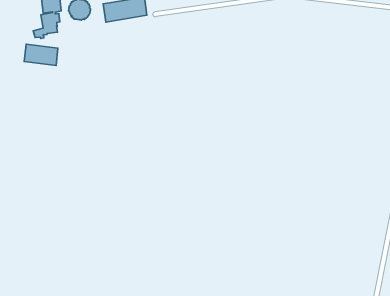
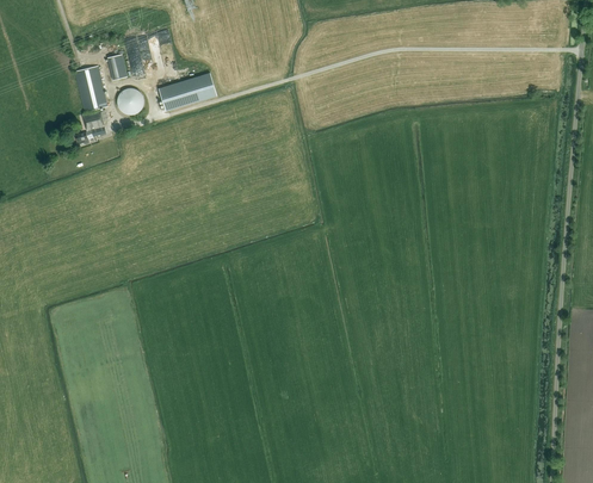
building: [24,44,58,66] -> none

